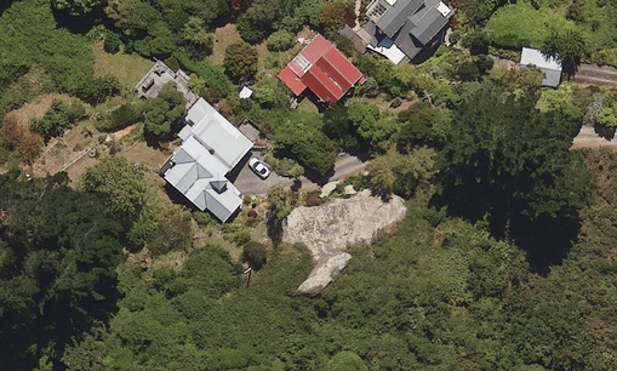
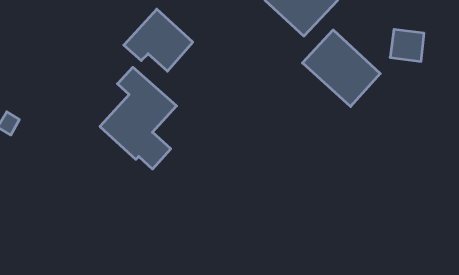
building: [276,32,362,109] -> [124,9,193,71]
building: none -> [302,30,380,107]

